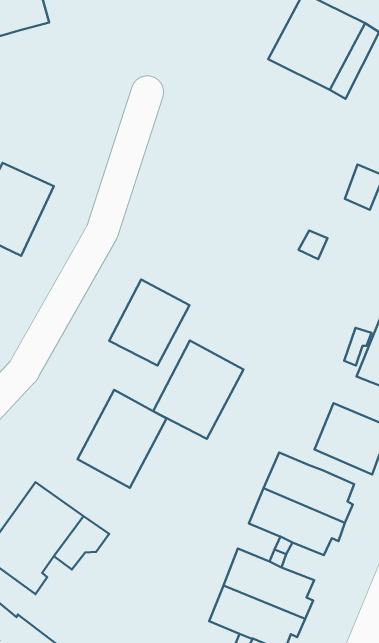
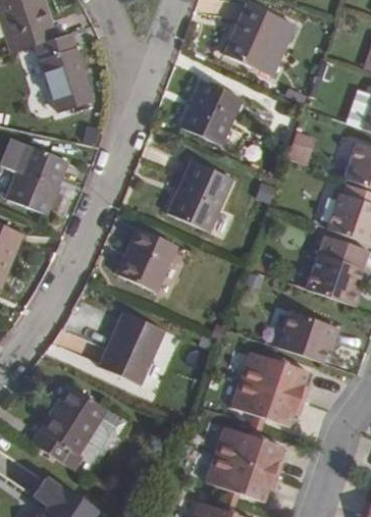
building: none -> [36,32,94,111]
building: none -> [179,77,243,145]
building: [153,341,243,439] -> [167,158,233,231]

